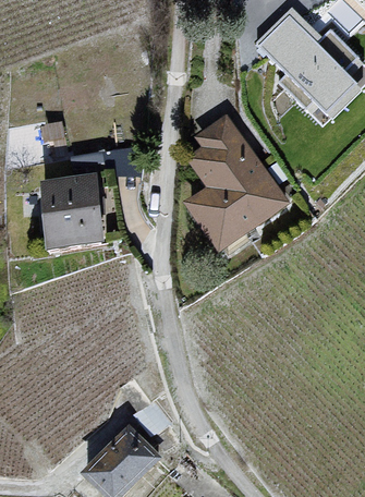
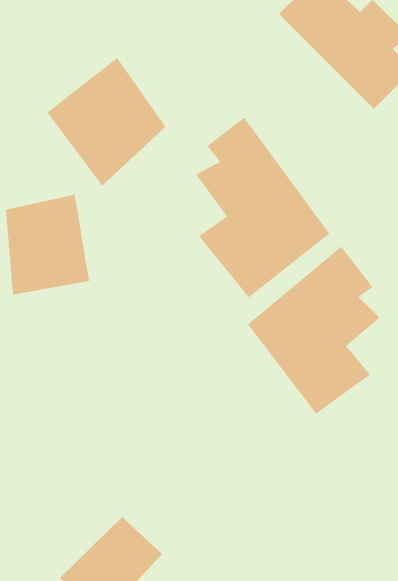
building: none -> [46,57,166,187]
building: none -> [247,246,381,415]

